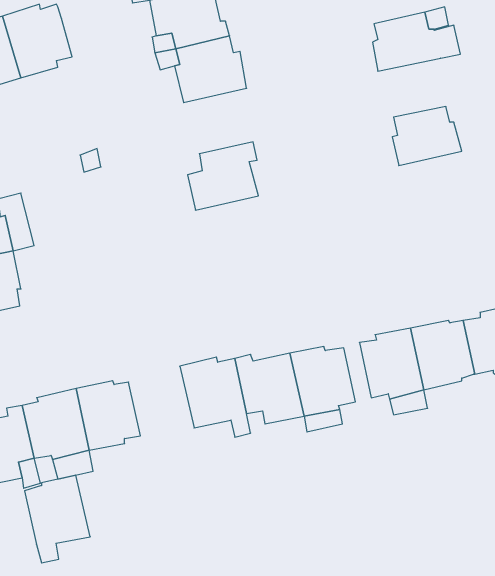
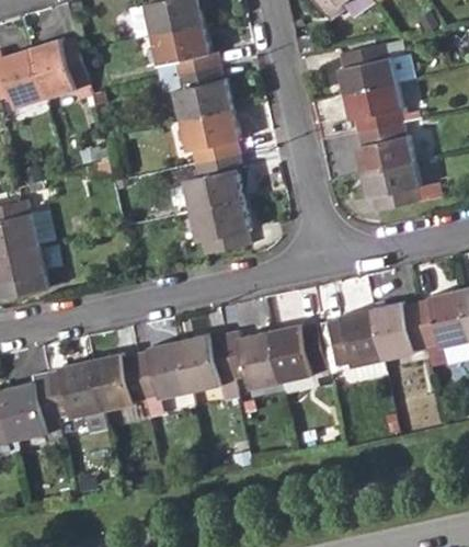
building: none -> [343,83,401,133]
building: none -> [181,109,240,163]
building: none -> [361,161,420,213]
building: none -> [191,198,250,255]
building: [25,475,90,563] -> [135,341,190,414]

